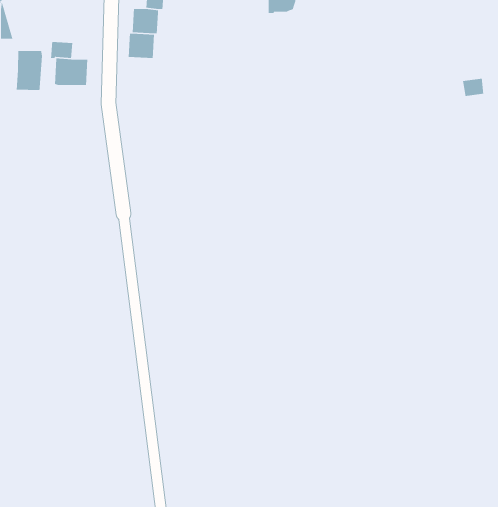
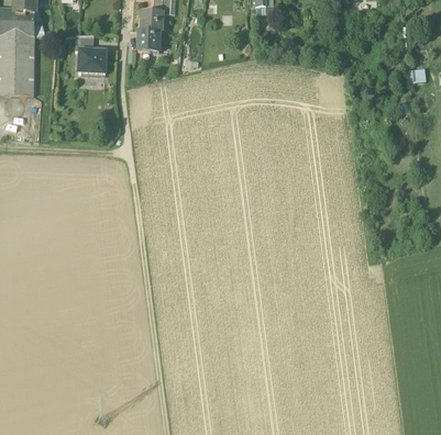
building: [16,50,43,91] -> none

